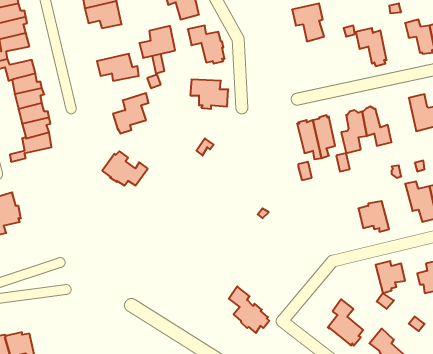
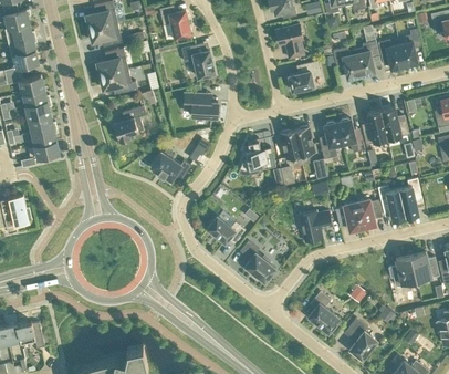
building: none -> [355,40,379,77]
building: [139,26,175,58] -> [96,48,128,76]
building: none -> [286,61,321,92]
building: none -> [362,110,387,145]
building: none -> [239,138,275,172]
building: [102,151,148,186] -> [150,149,191,180]
building: none -> [299,210,332,242]
building: none -> [207,216,246,243]
building: [376,261,405,293] -> [356,199,383,228]
building: [229,286,269,333] -> [240,240,276,282]

